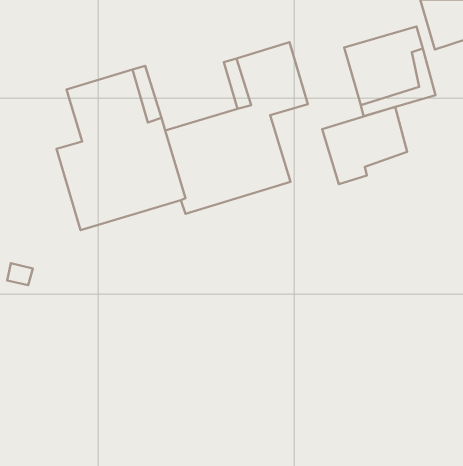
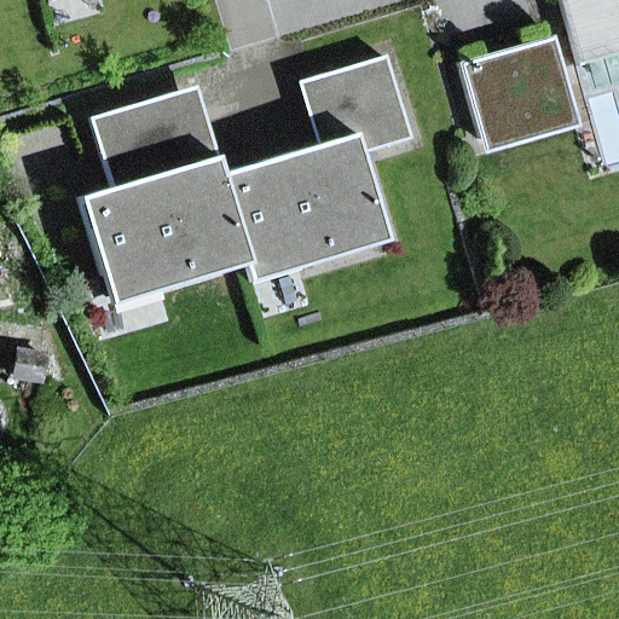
building: [322,107,407,184] -> none

